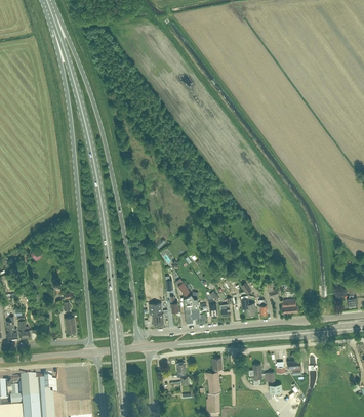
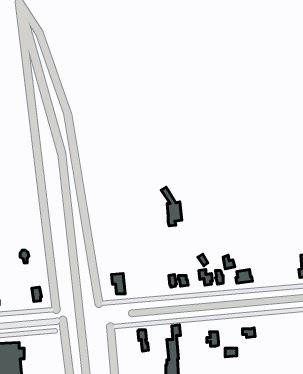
building: [177,282,199,323] -> [161,187,182,226]

